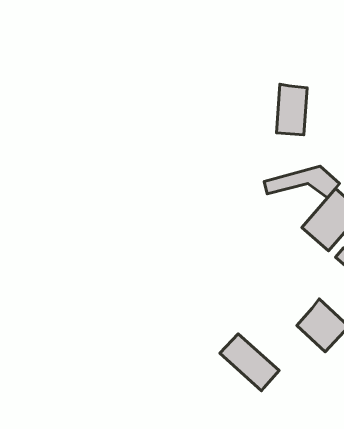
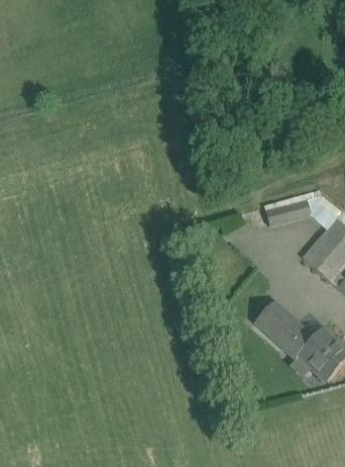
building: [276,84,307,135] -> none
building: [220,334,279,391] -> [253,300,312,357]

